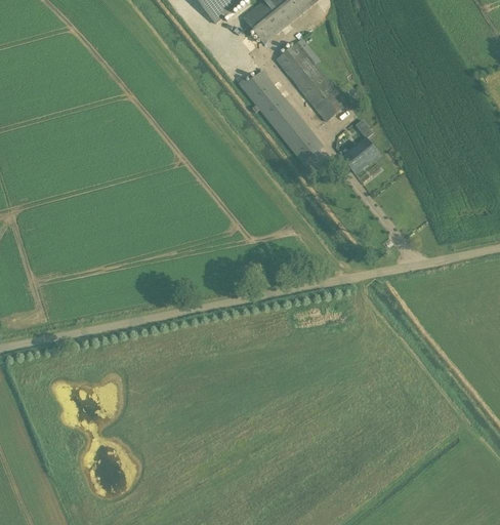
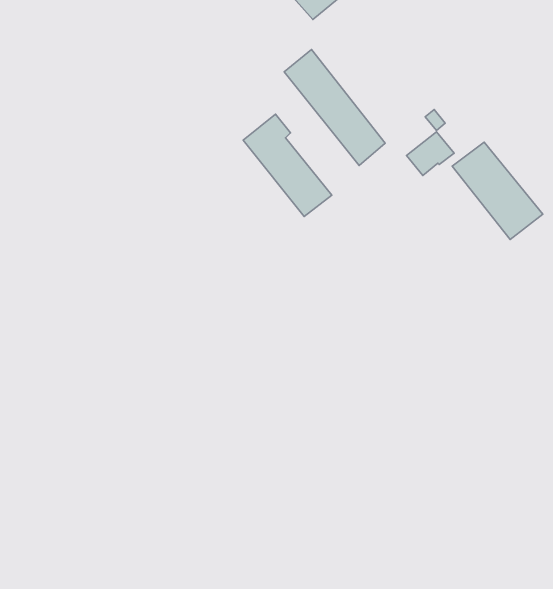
building: [276,37,348,121] -> [243,114,332,217]
building: none -> [452,142,543,239]

